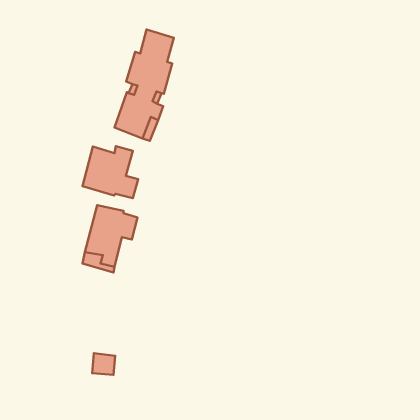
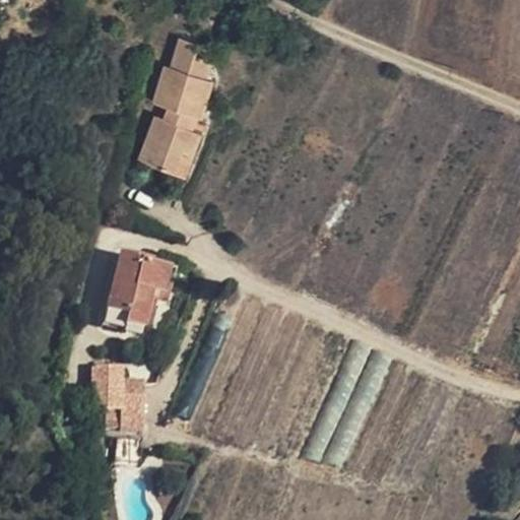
building: [82,146,138,198] -> none
building: none -> [92,365,143,429]

